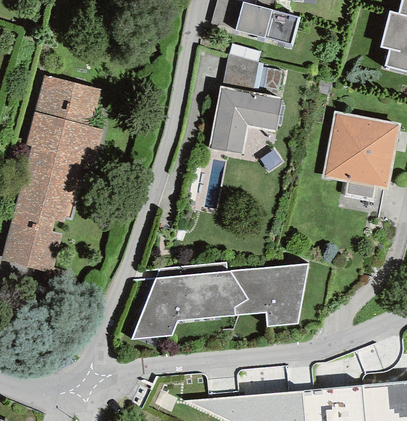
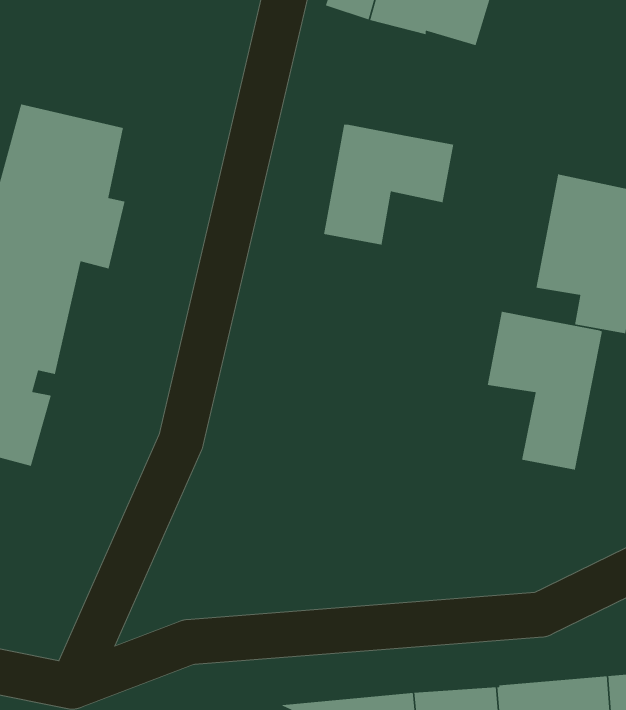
building: [222,53,258,92] -> none
building: none -> [487,311,603,471]
building: [131,262,308,339] -> none

